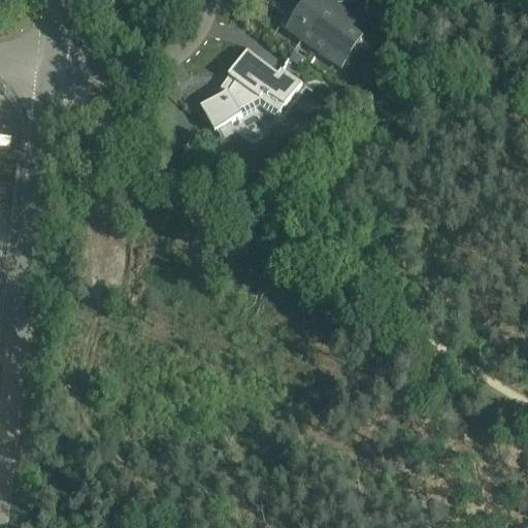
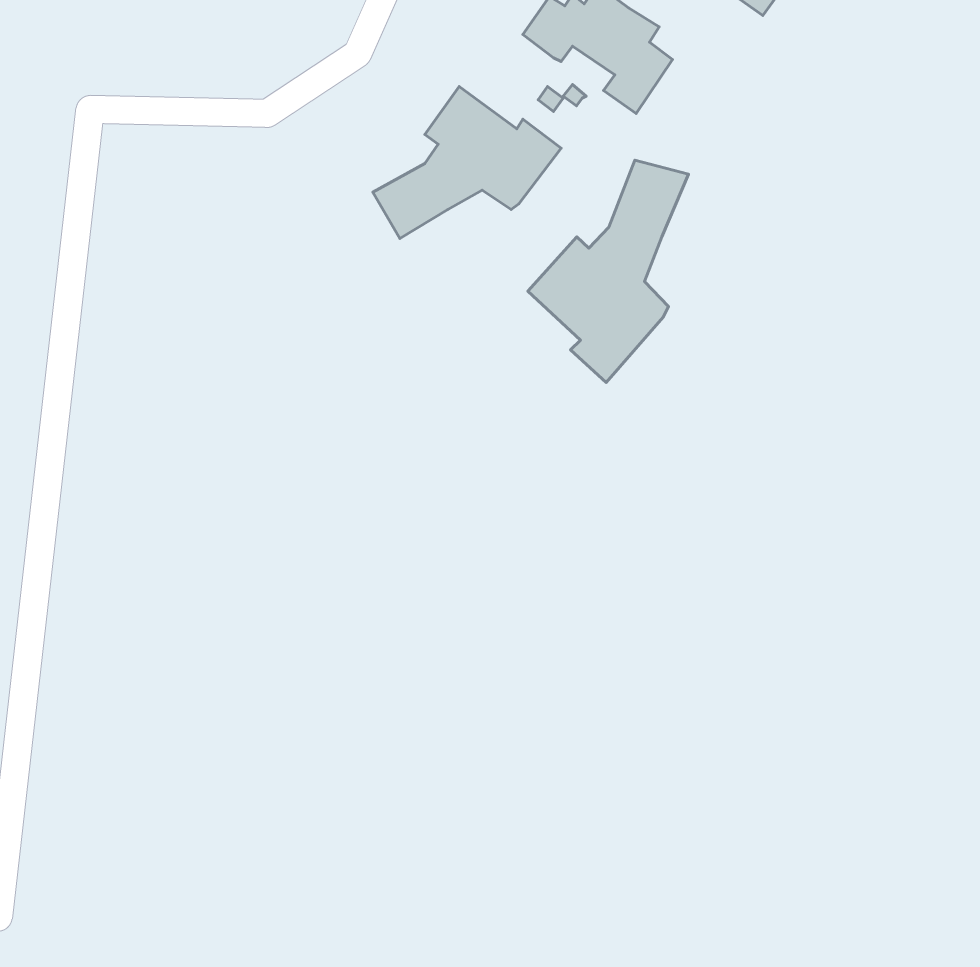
building: none -> [528,160,688,382]

